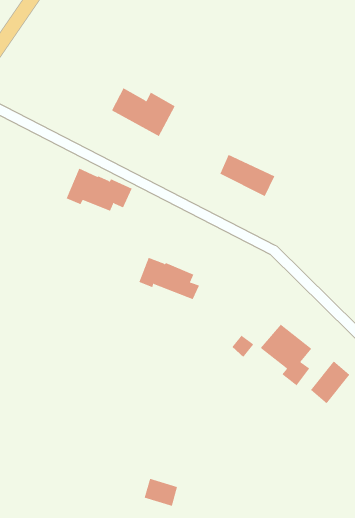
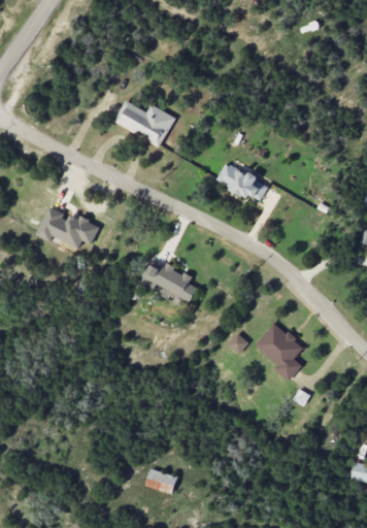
building: [66,168,132,211] -> [37,206,100,248]
building: [310,360,350,404] -> none

